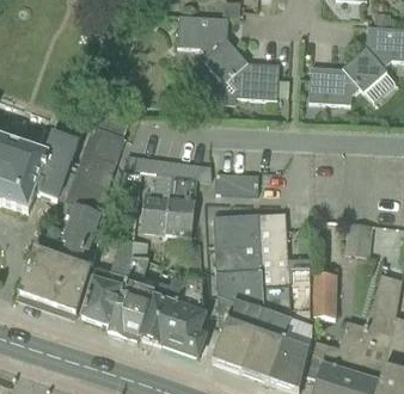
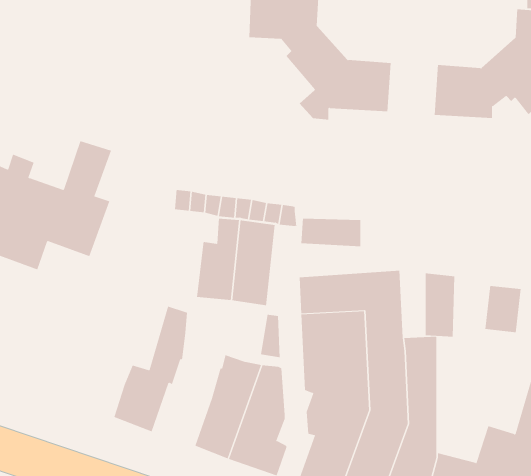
building: [18,109,128,314] -> none
building: [106,241,157,341] -> none
building: [314,272,336,318] -> [425,273,455,337]

